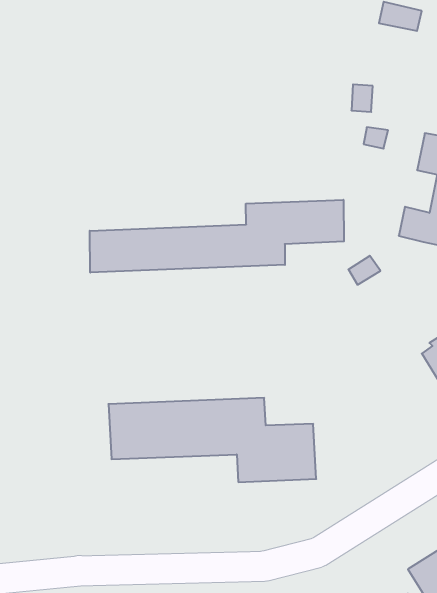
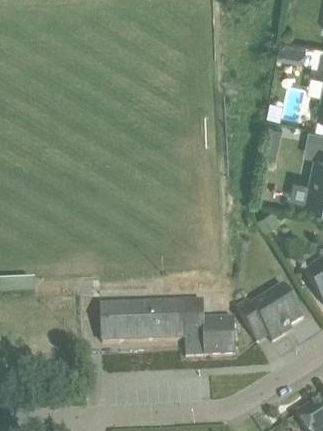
building: [90,200,344,273] -> none
building: none -> [236,283,303,340]

